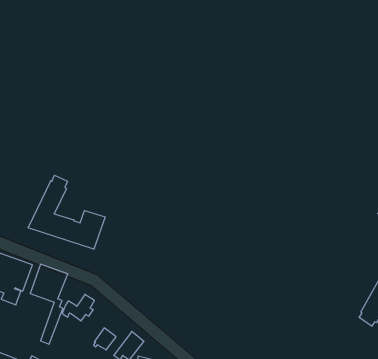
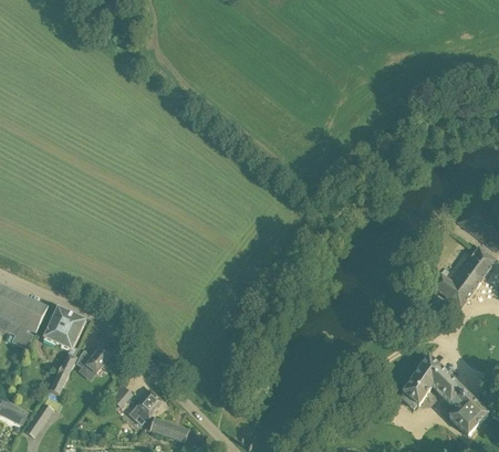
building: [28,175,105,249] -> none

